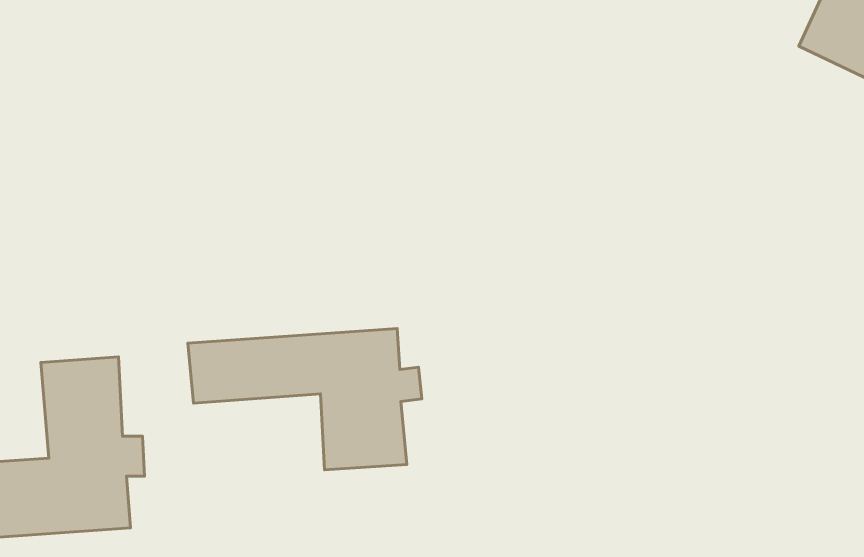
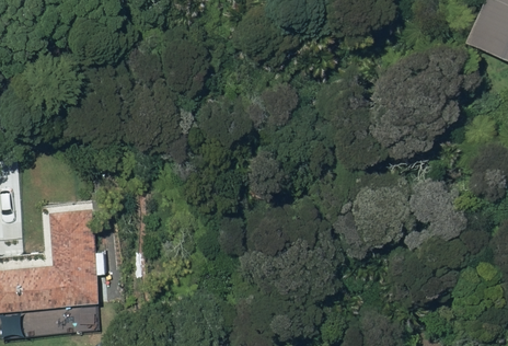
building: [188,329,422,470] -> none

